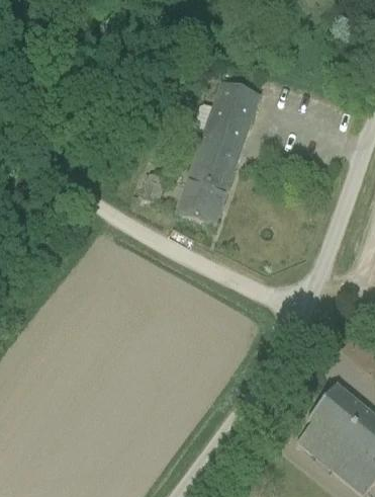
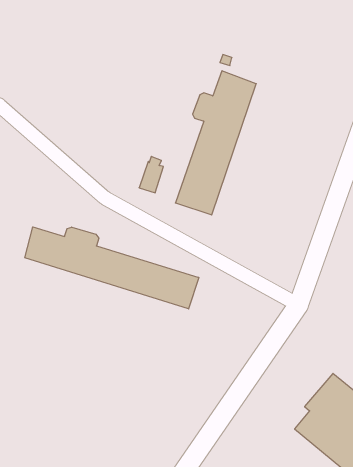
building: none -> [25,227,199,309]

